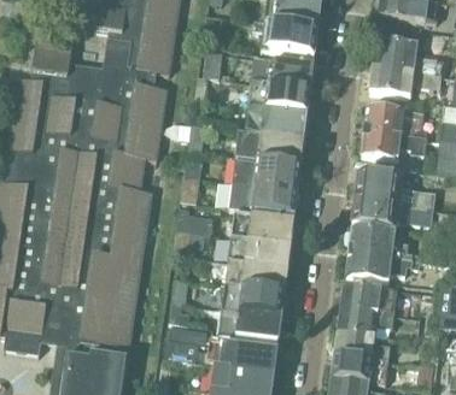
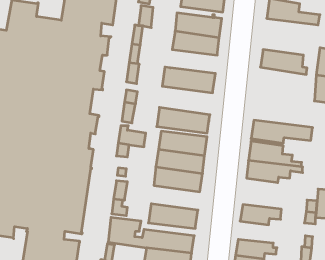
building: [369,64,440,93] -> none
building: [246,105,308,136] -> none
building: [361,128,427,158] -> none
building: [232,158,300,190] -> none
building: [356,172,434,207] -> none
building: [221,283,285,316] -> none
building: [341,283,394,314] -> none
building: [335,330,388,360] -> none

